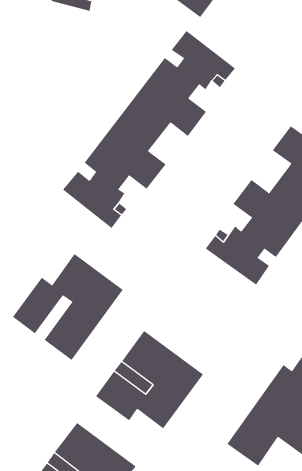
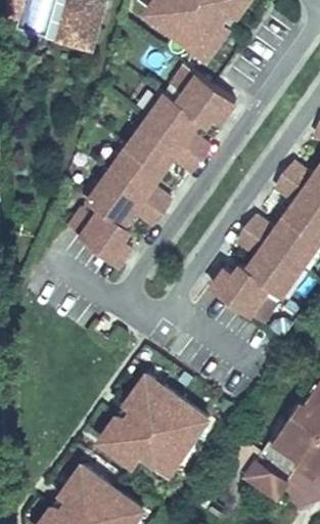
building: [12,253,124,361] -> none

